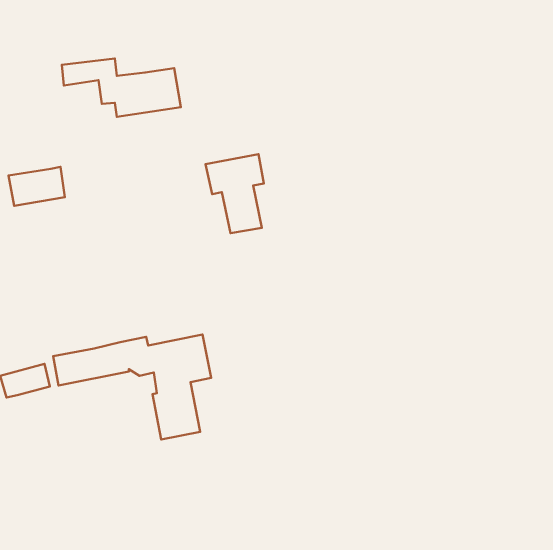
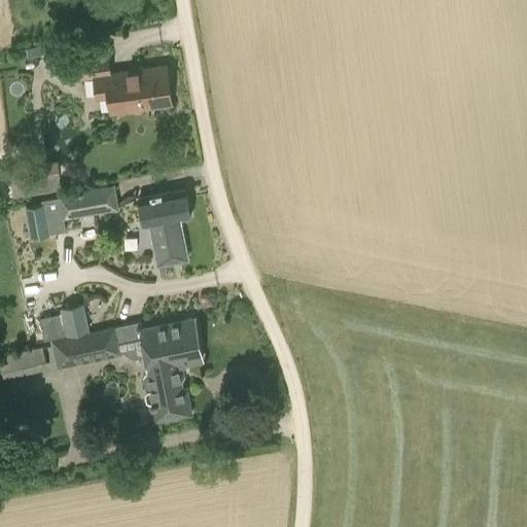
building: [206,154,264,233] -> [135,190,190,266]
building: none -> [25,185,119,239]
building: none -> [39,305,89,343]

